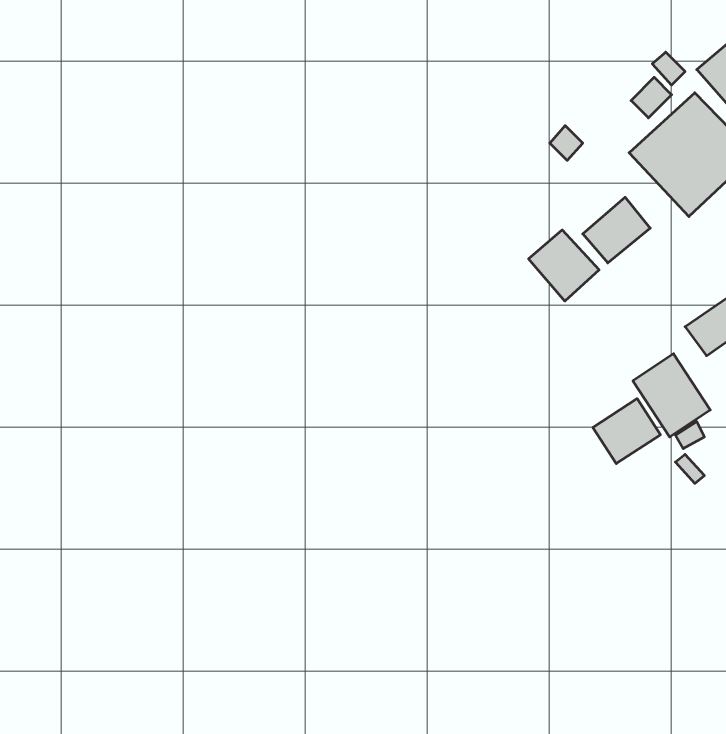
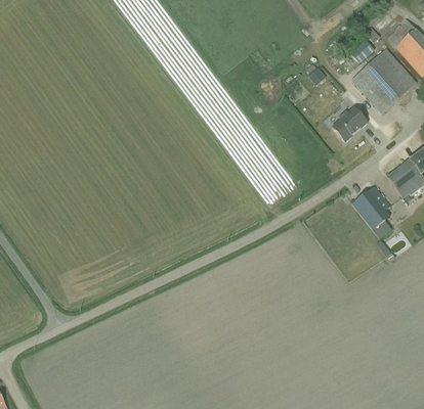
building: [529,230,599,301] -> none
building: [593,399,660,464] -> none

